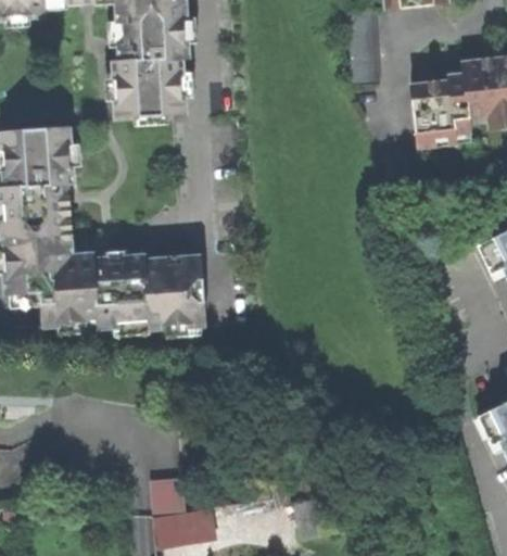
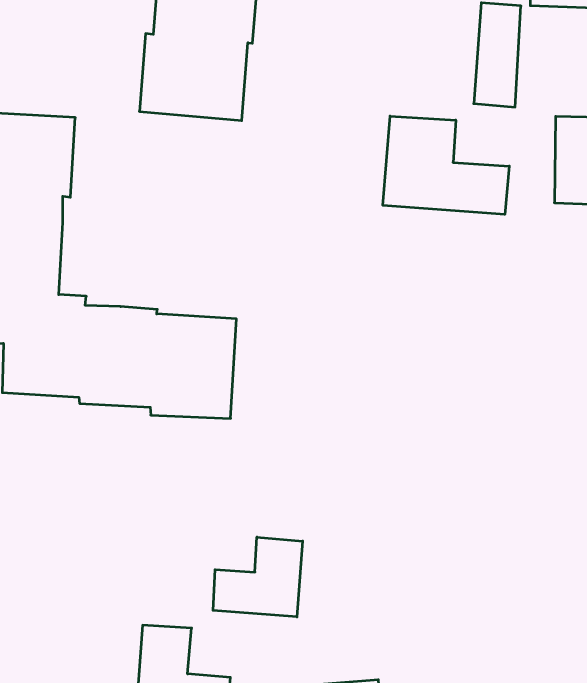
building: none -> [383,116,509,214]
building: none -> [213,537,303,617]

